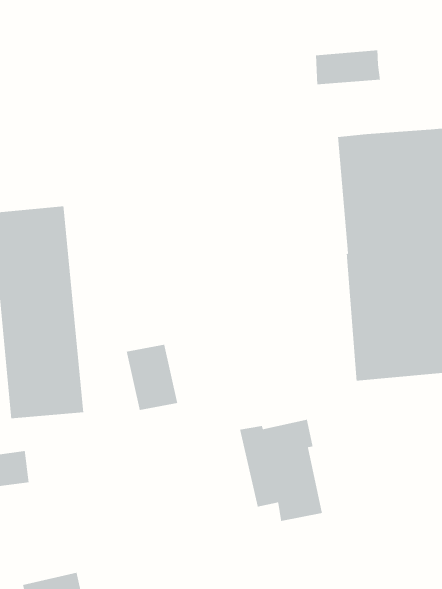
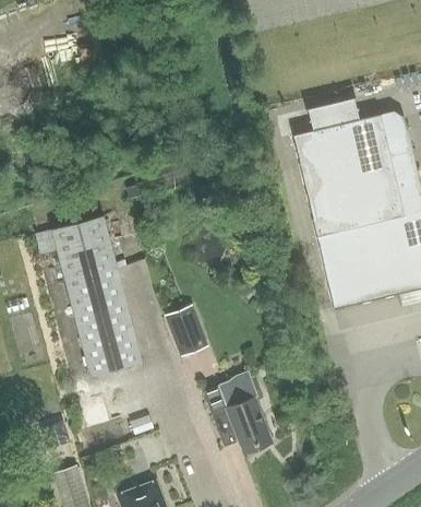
building: [315,50,381,85] -> [309,97,359,130]
building: [239,419,323,522] -> [204,376,274,453]

